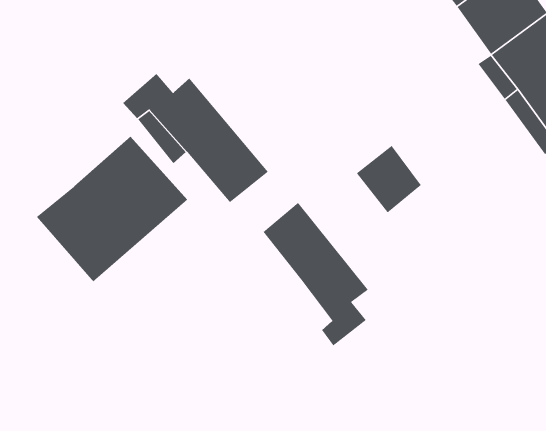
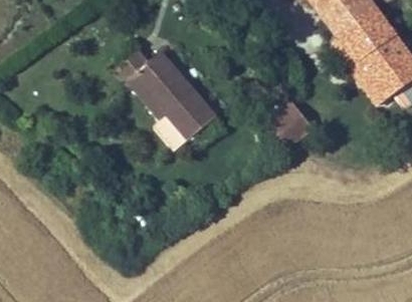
building: [36,136,188,282] -> none
building: [262,202,369,346] -> none

